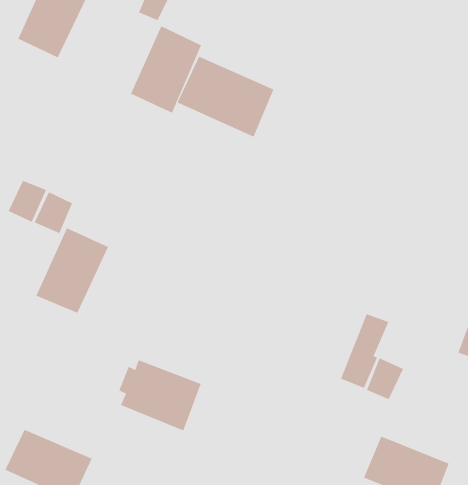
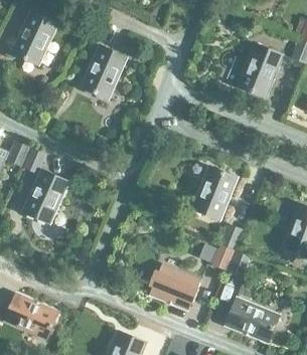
building: none -> [238,43,281,97]
building: [177,56,274,138] -> none
building: none -> [191,166,236,219]
building: [119,360,202,431] -> [148,265,199,310]

